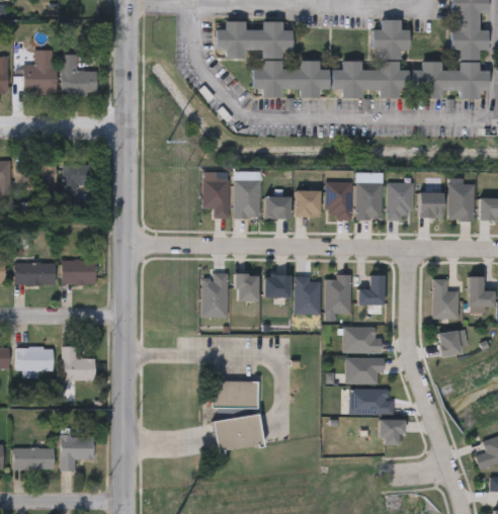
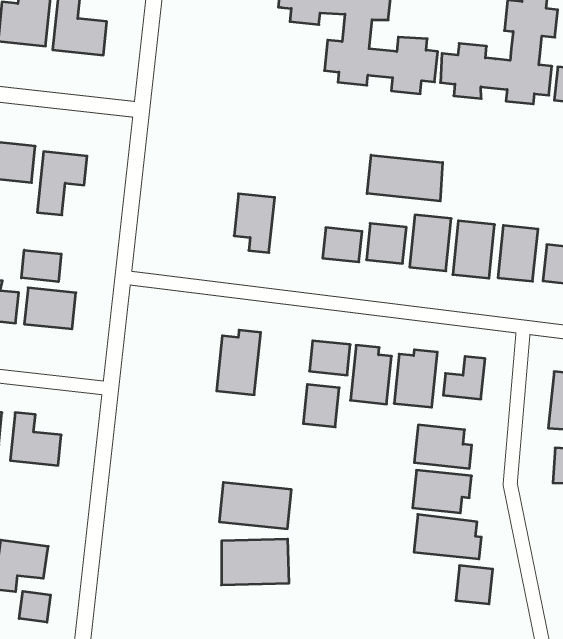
building: none -> [367,155,443,201]
building: [233,180,258,218] -> none
building: none -> [21,250,61,282]
building: [235,273,257,301] -> [303,384,339,427]
building: none -> [19,591,51,622]

